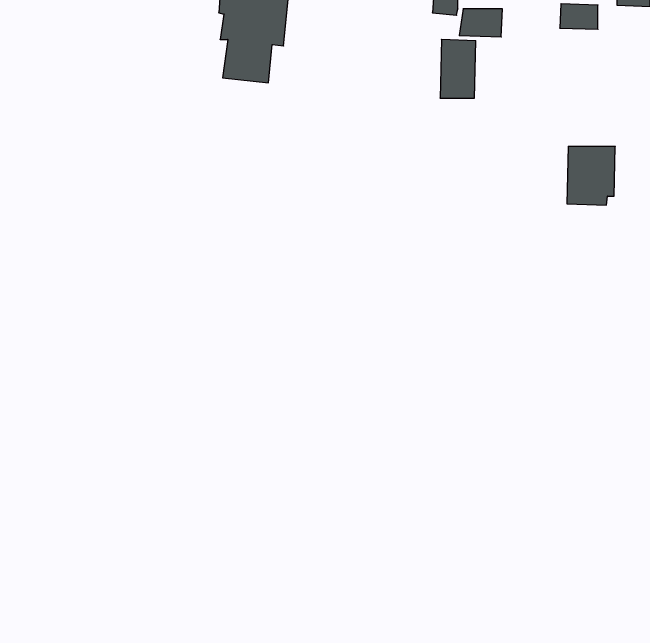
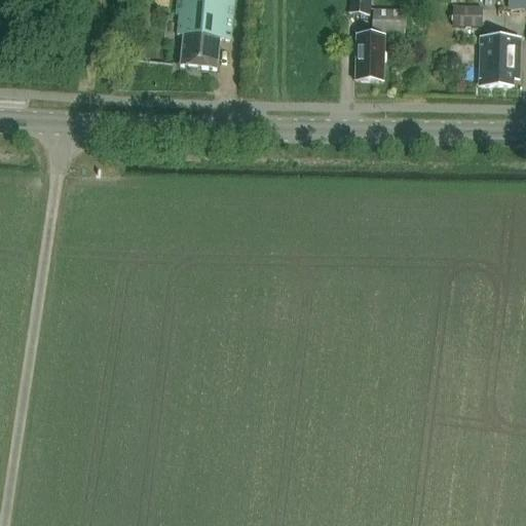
building: [567,146,615,205] -> [480,36,519,83]

